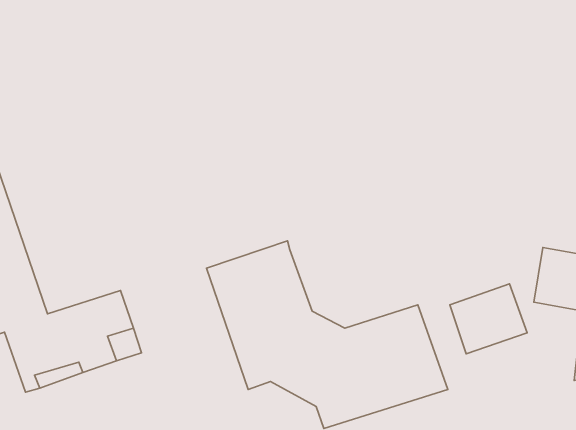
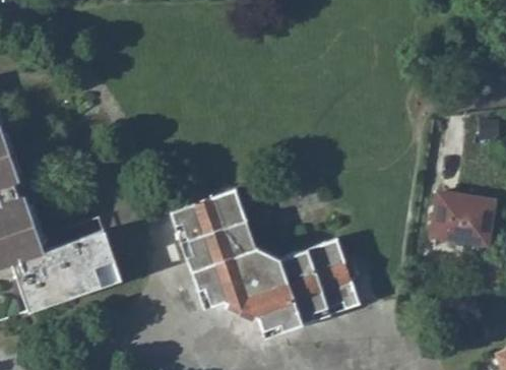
building: [450,284,527,354] -> none

